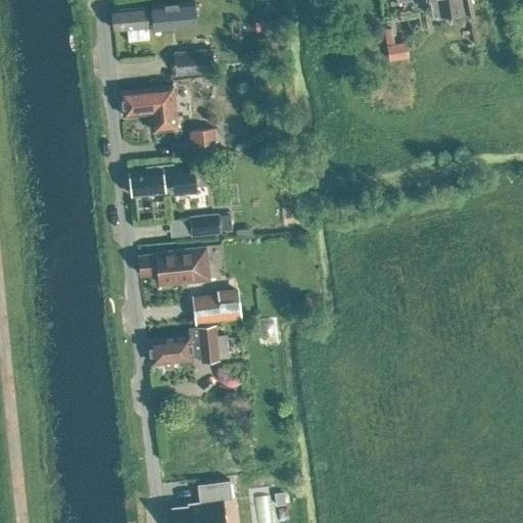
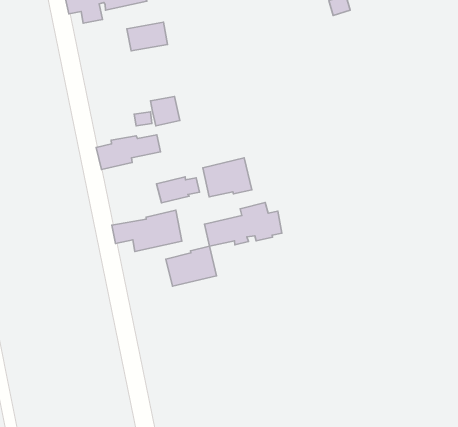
building: [121,87,179,134] -> none
building: none -> [203,158,252,197]
building: [149,325,229,366] -> [205,203,282,246]

